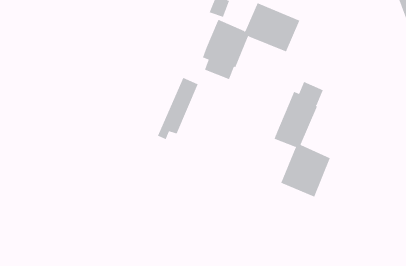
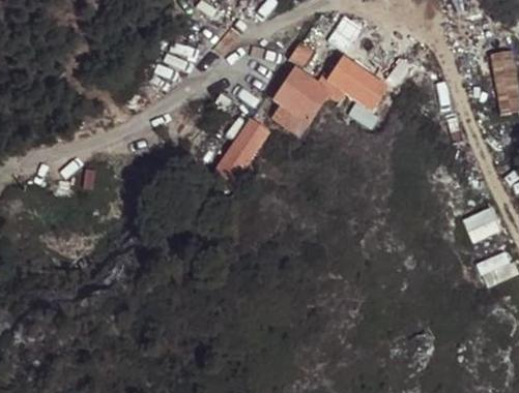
building: [274,81,331,198] -> none

